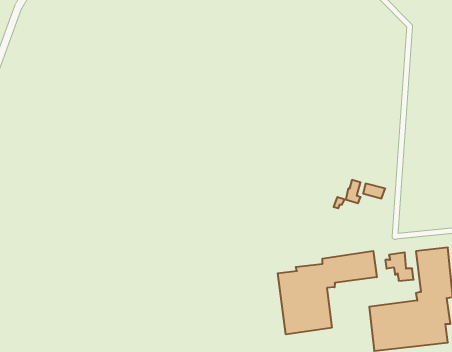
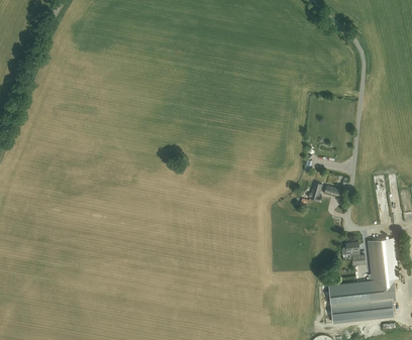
building: [278,251,377,334] -> none

